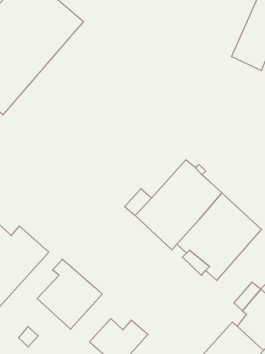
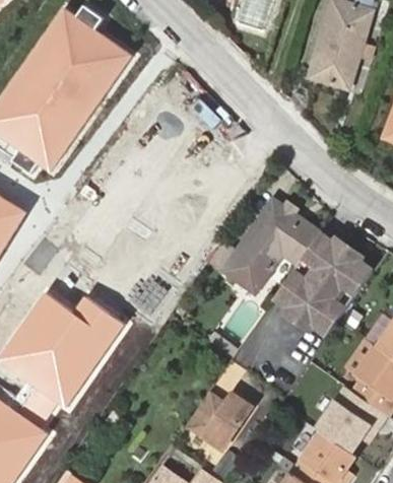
building: [37,259,102,329] -> none

